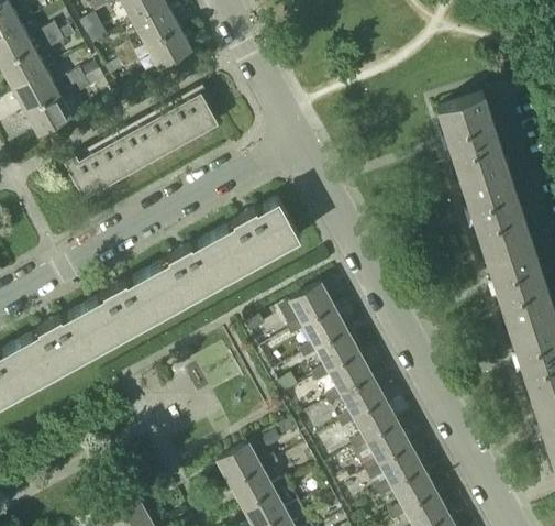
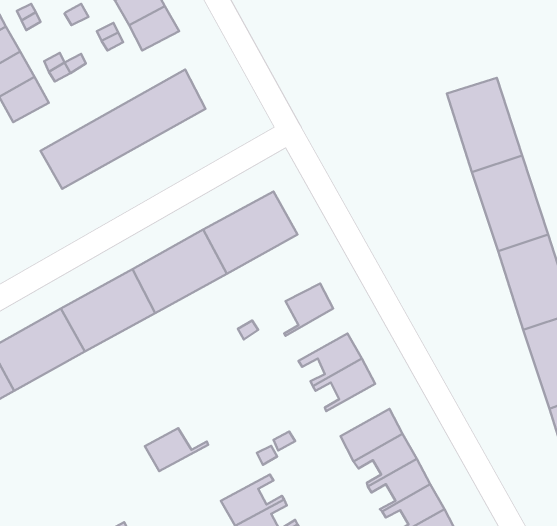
building: [291,309,348,358] -> none
building: [329,379,387,427] -> none
building: [219,447,277,486] -> [145,428,208,471]

